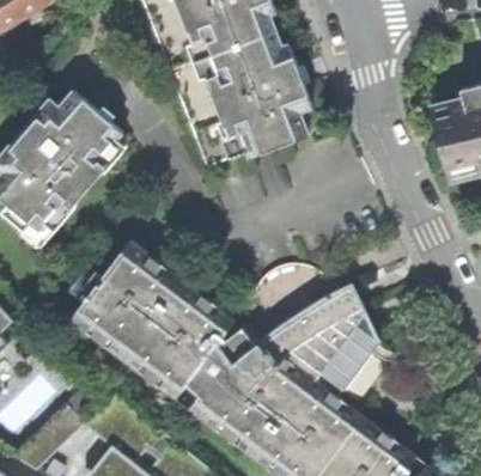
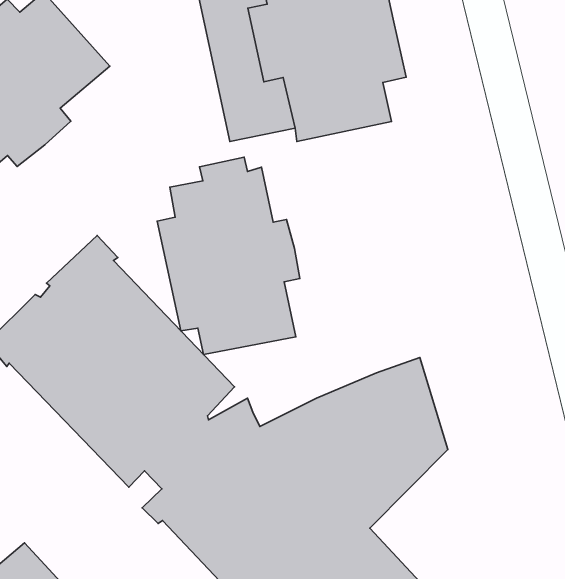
building: none -> [157,157,300,354]

